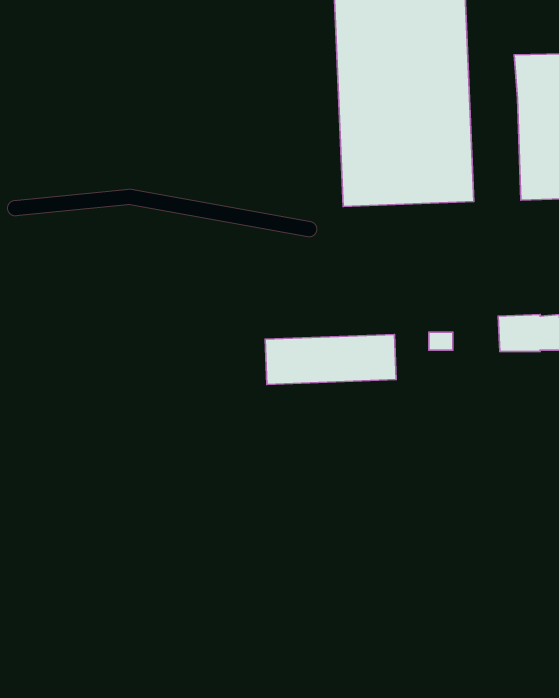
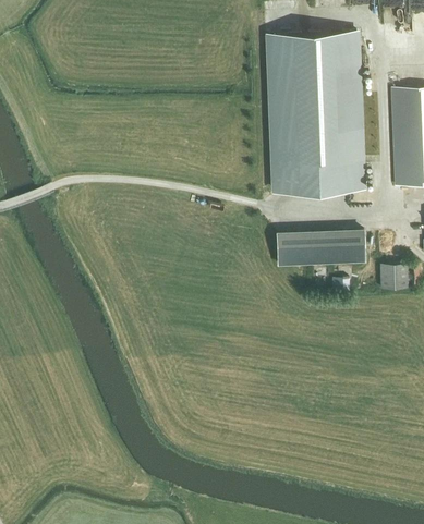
building: [265,334,396,384] -> [277,231,365,265]

